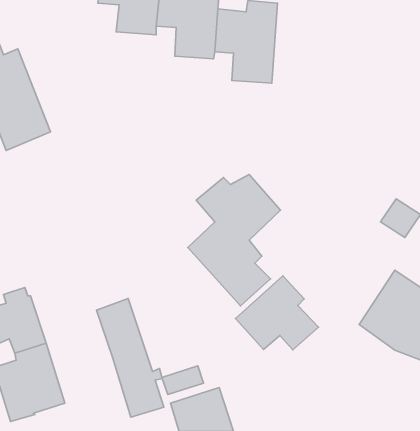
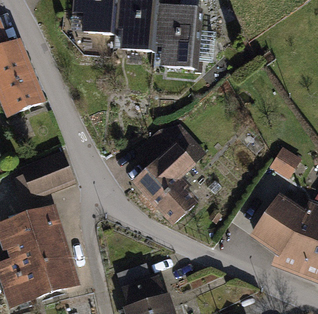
building: none -> [24,156,72,194]
building: [236,276,318,350] -> none
building: [97,299,164,417] -> [26,207,73,290]

